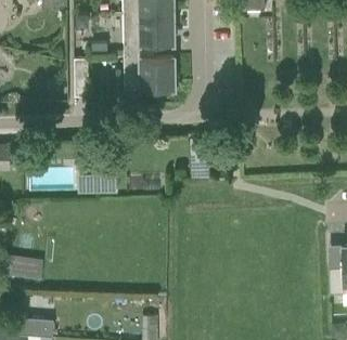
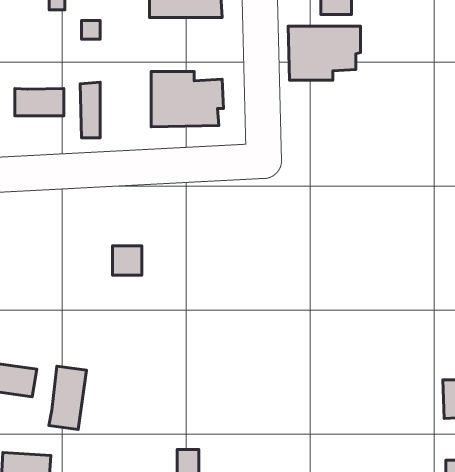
building: [123,13,174,51] -> [288,26,361,80]
building: none -> [15,88,64,116]
building: none -> [49,366,86,429]

